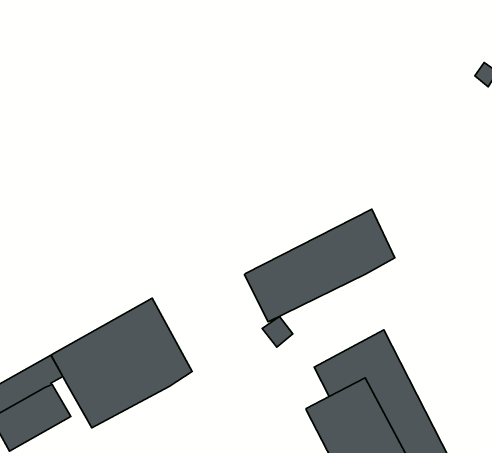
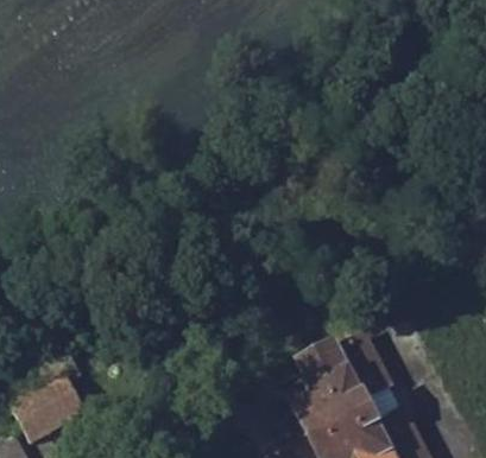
building: [245,209,395,322] -> none
building: [51,298,192,428] -> none

